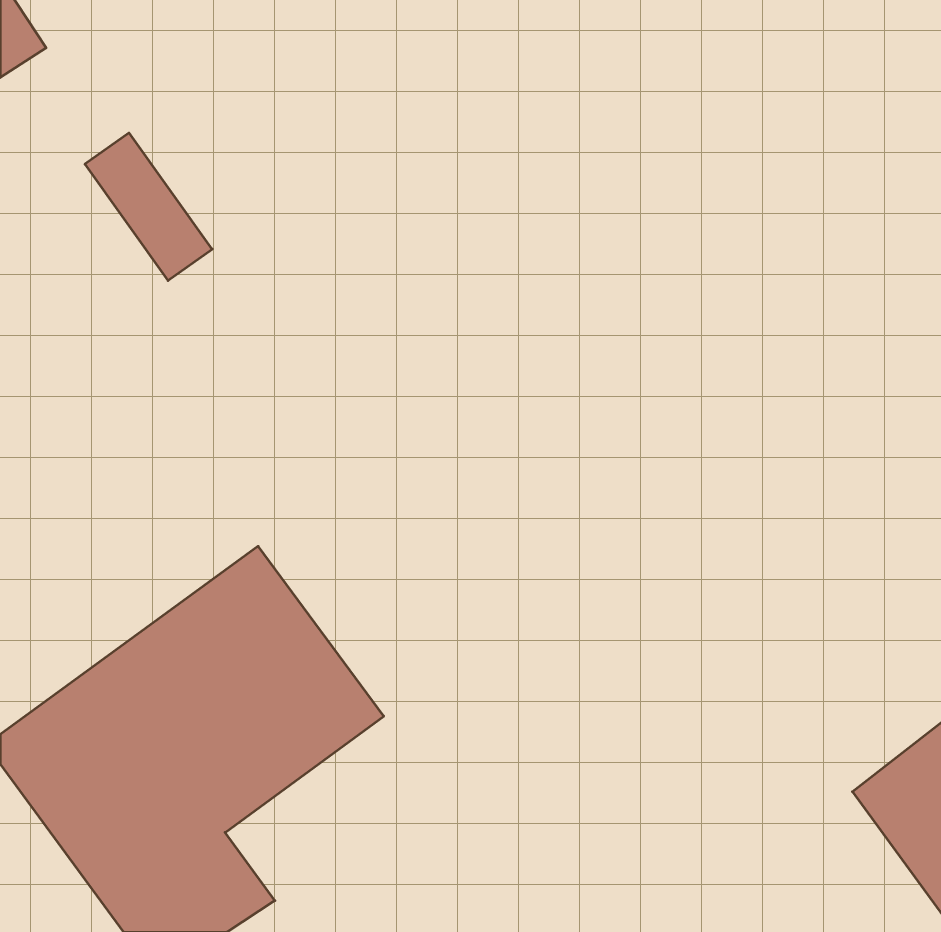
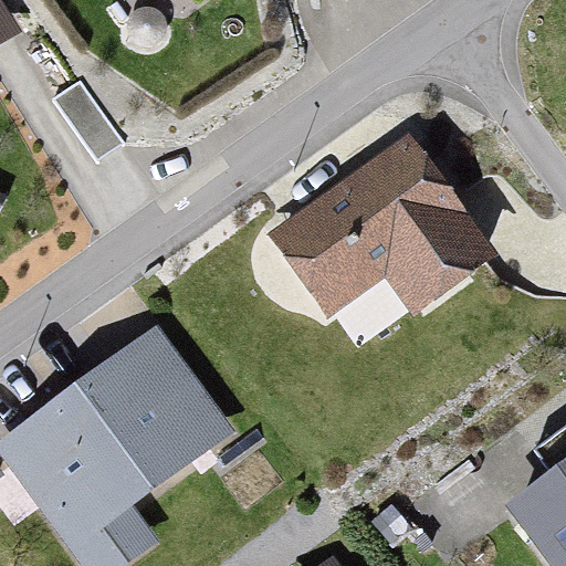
building: none -> [263,134,495,318]

